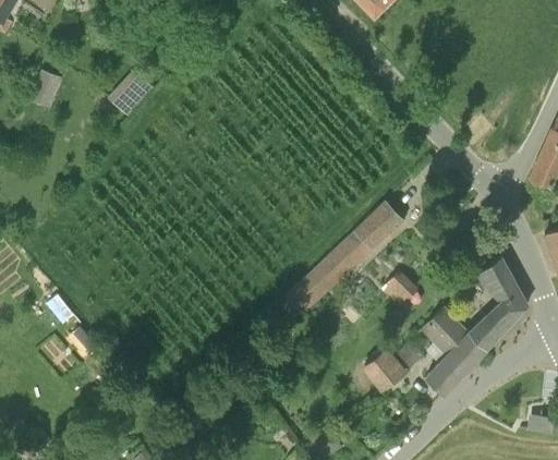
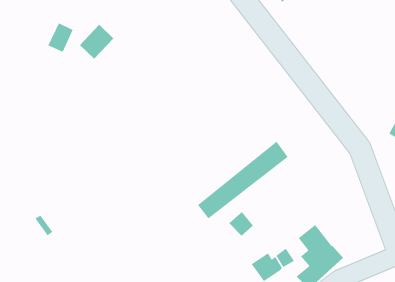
building: [32,68,64,107] -> [47,23,74,53]
building: [470,258,526,349] -> none
building: [381,273,415,306] -> [229,211,254,237]

